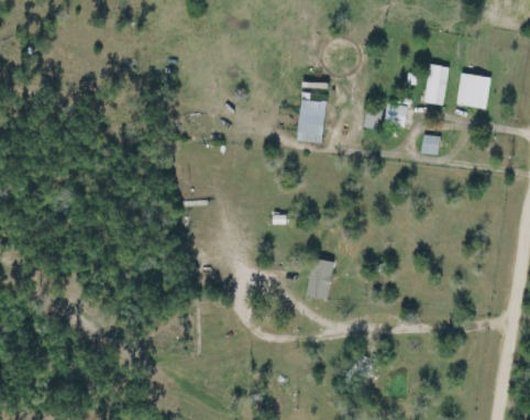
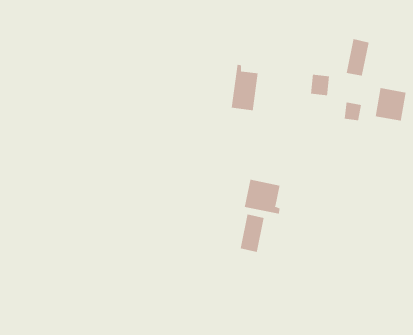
building: [456,71,492,109] -> [375,88,406,121]
building: none -> [244,179,280,214]

